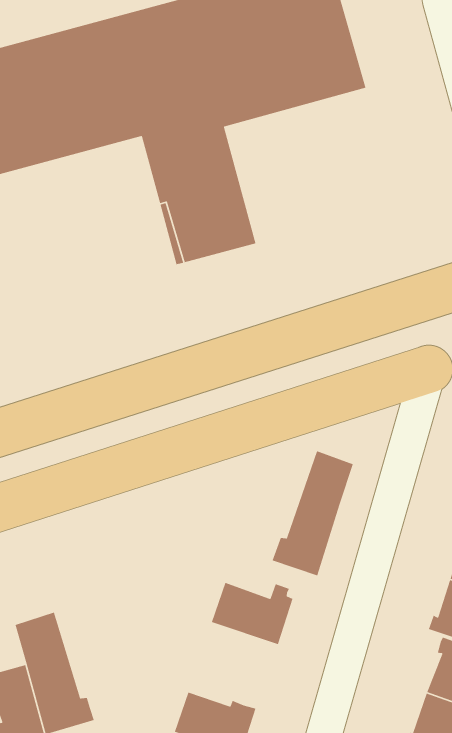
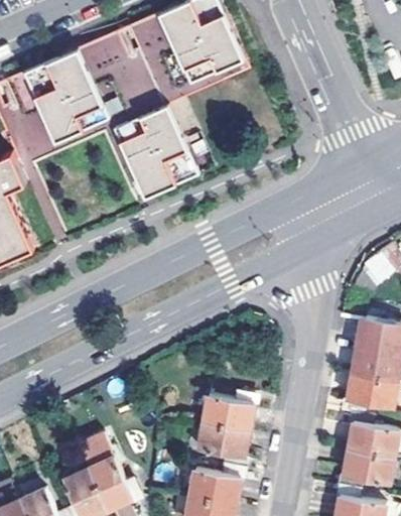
building: [271,450,354,576] -> none
building: none -> [195,424,246,465]

